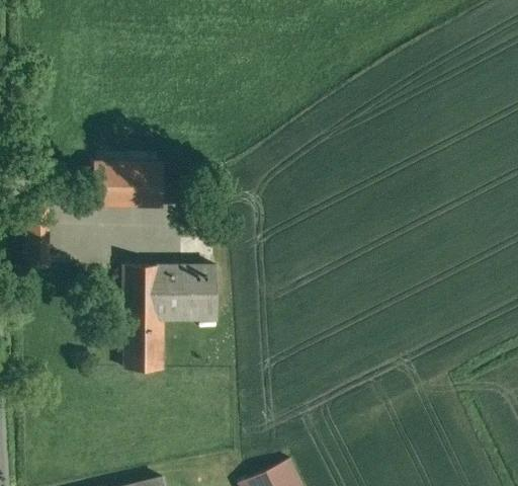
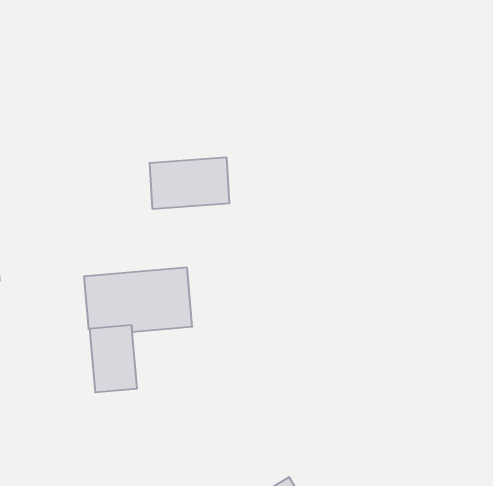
building: [95,163,165,205] -> [149,158,230,209]

